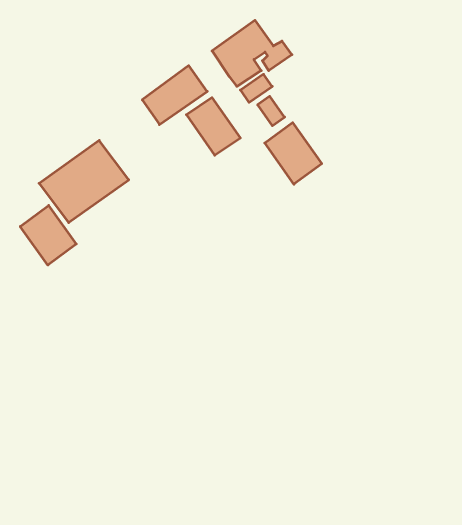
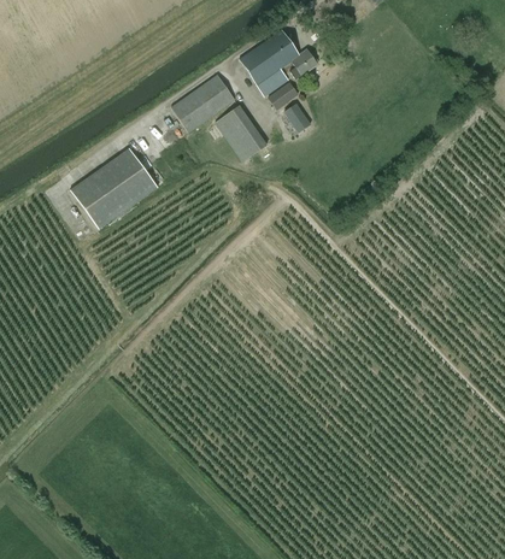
building: [265,123,322,184] -> none
building: [20,205,76,265] -> none

